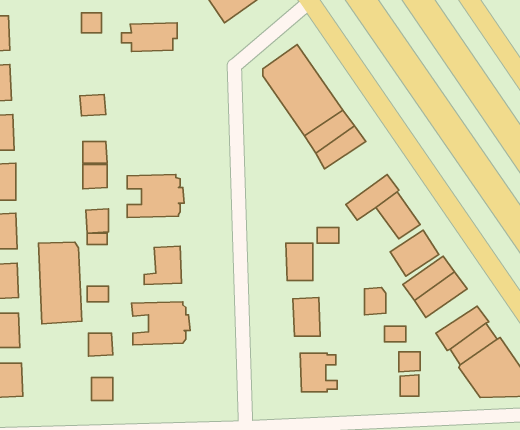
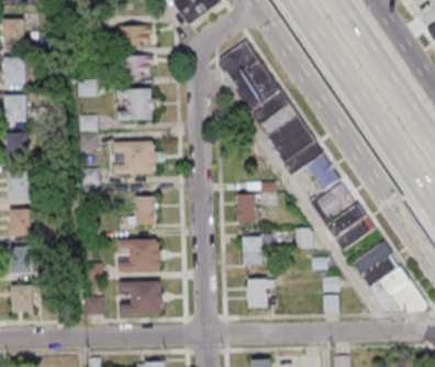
building: none -> [110,55,153,77]
building: none -> [118,88,154,120]
building: none -> [266,115,314,162]
building: [38,242,82,324] -> none
building: none -> [120,280,161,314]

